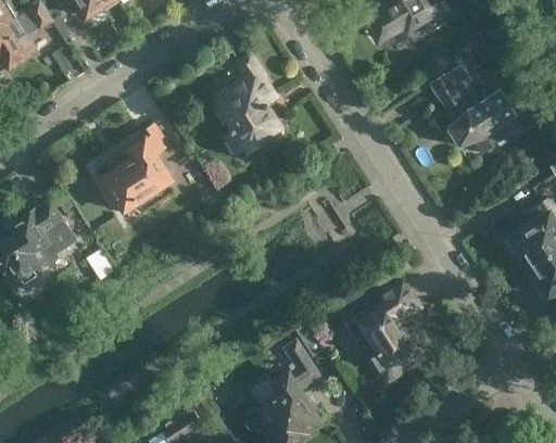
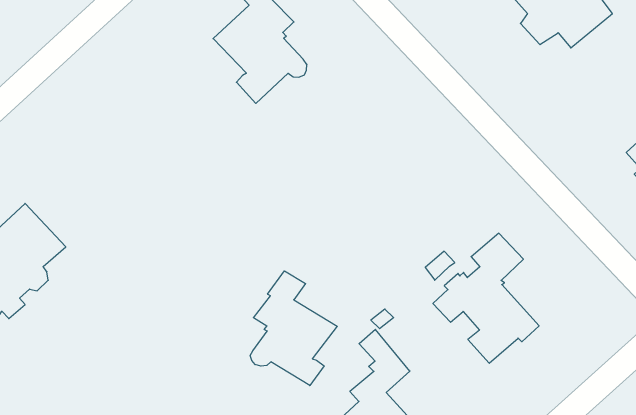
building: [101,125,173,213] -> none
building: none -> [250,271,337,386]

